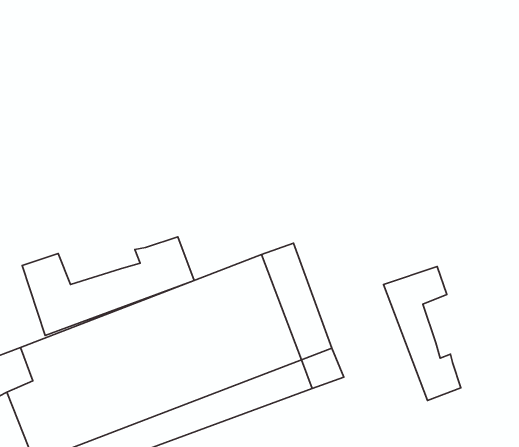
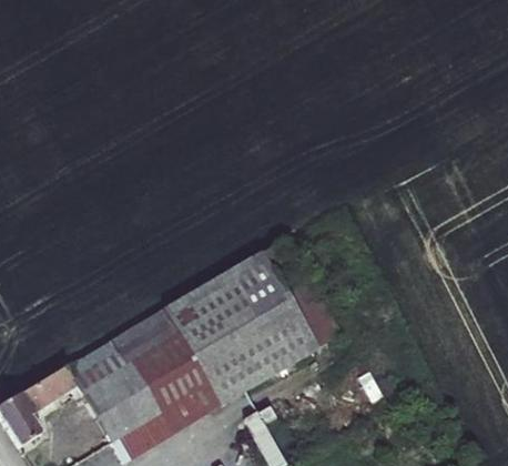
building: [22,237,194,335] -> none
building: [383,266,461,400] -> none

